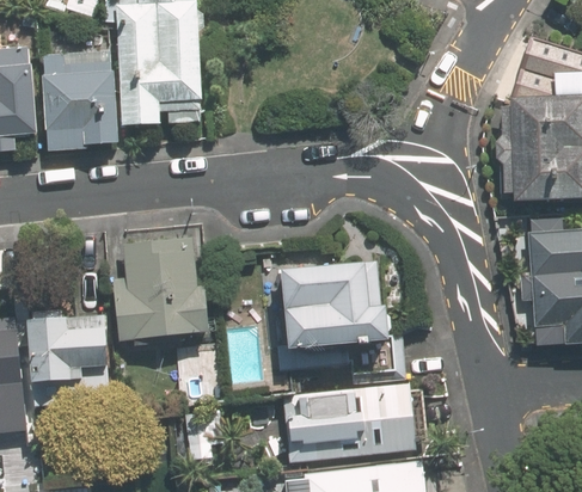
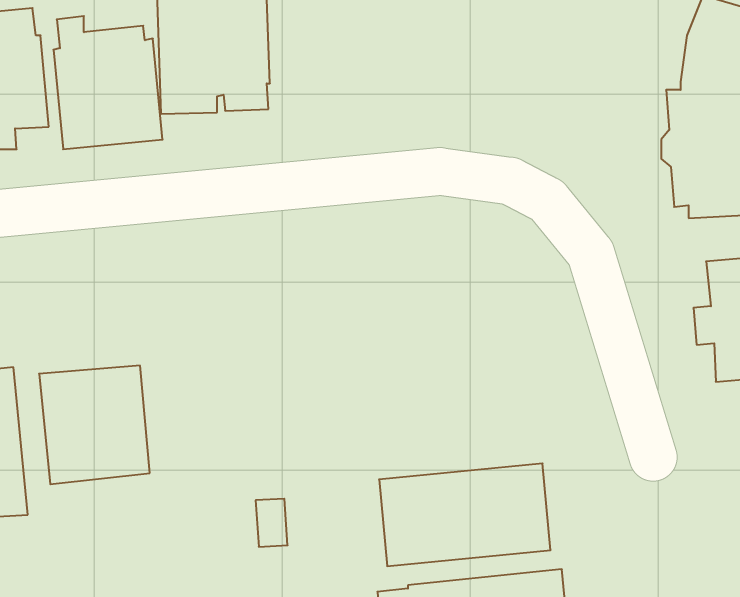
building: [110,235,207,338] -> none
building: [267,262,404,382] -> none

